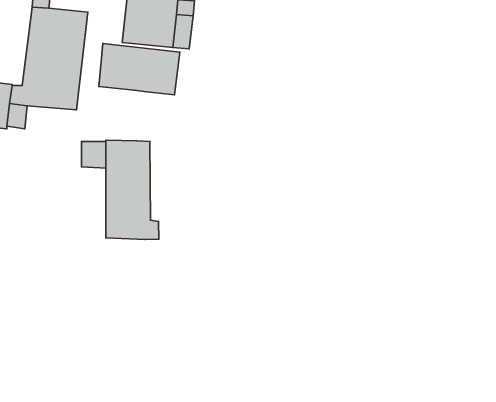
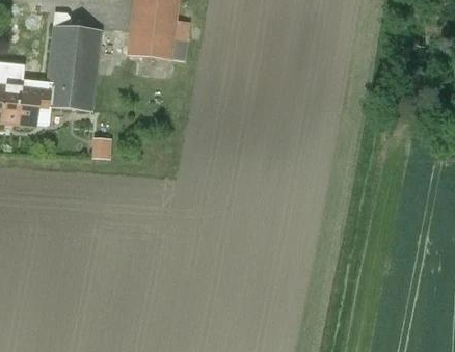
building: [99,44,180,95] -> none
building: [106,140,159,240] -> none

